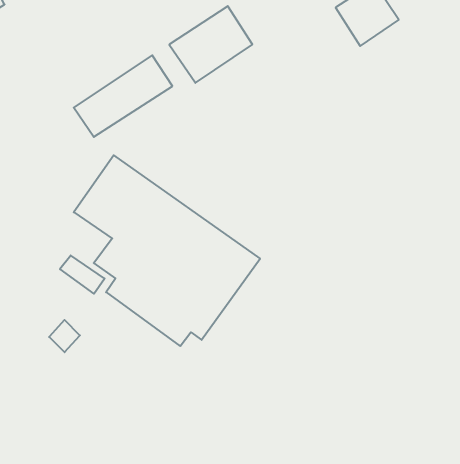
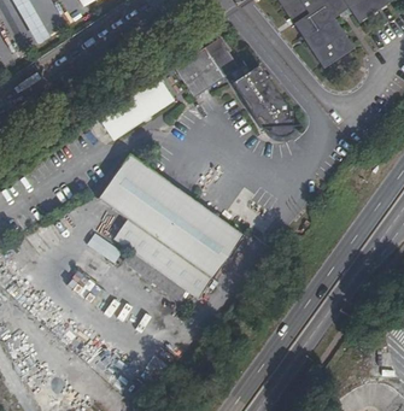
building: none -> [232,64,289,127]

